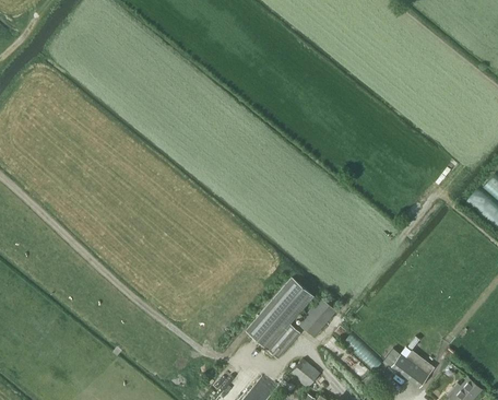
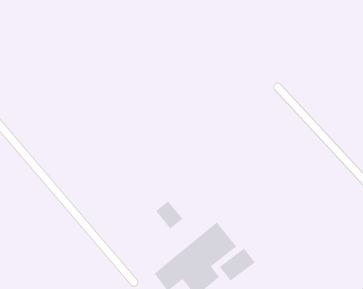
building: none -> [155,200,183,229]

